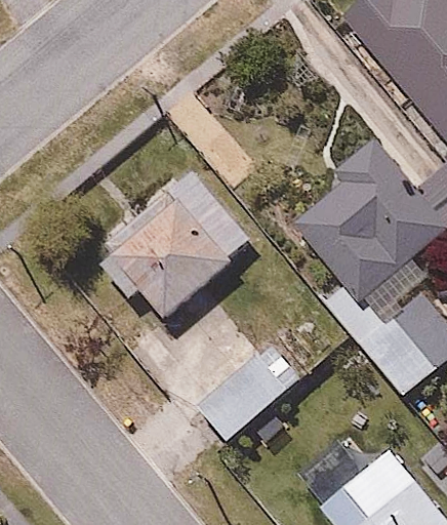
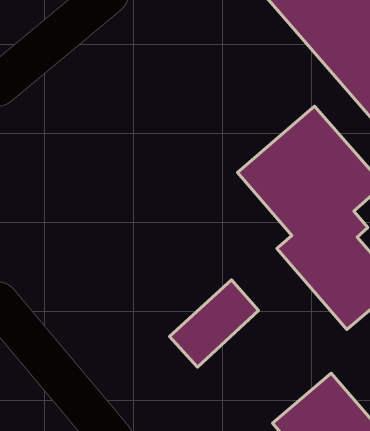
building: [98,175,252,318] -> none

